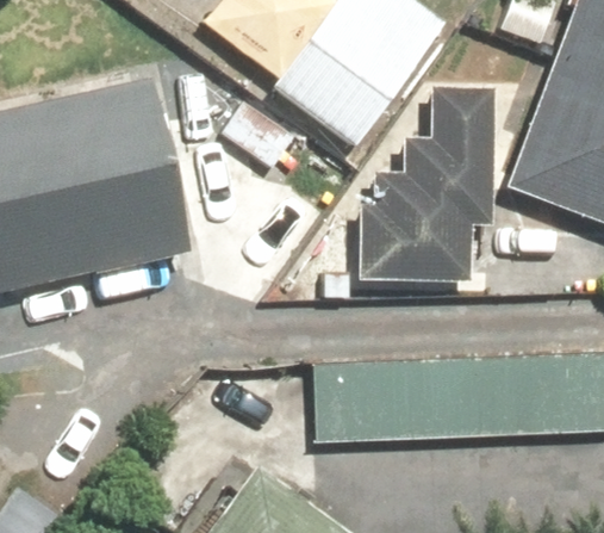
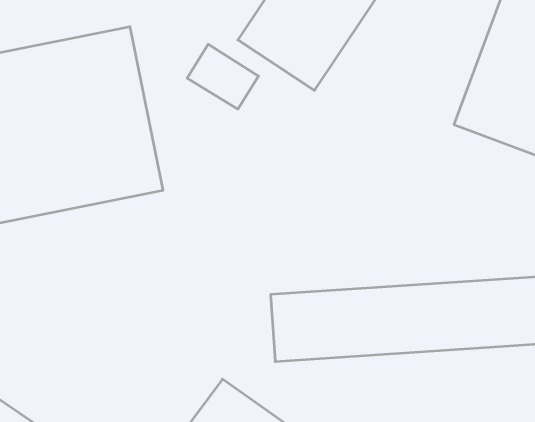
building: [359,87,492,283] -> none

